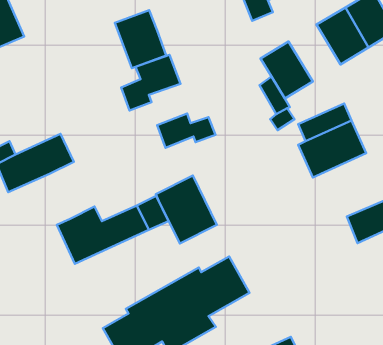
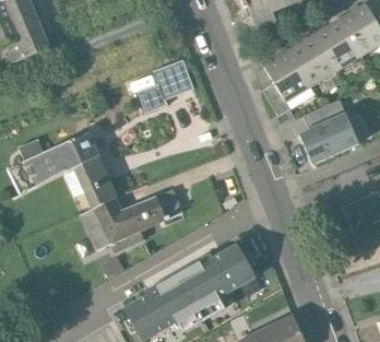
building: [115,10,166,68] -> none
building: none -> [289,34,336,85]
building: [157,114,215,148] -> none
building: none -> [74,157,115,209]
building: [156,176,217,243] -> none

